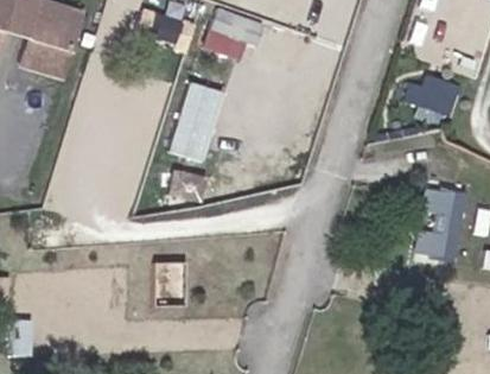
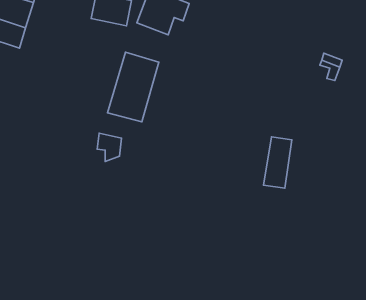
building: [420,190,453,251] -> [264,137,292,188]

